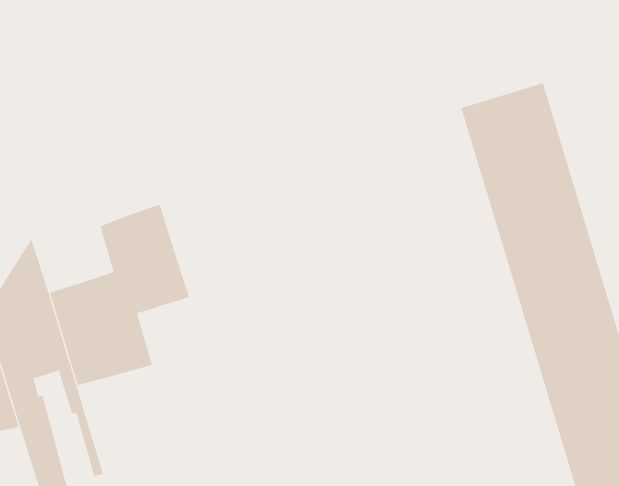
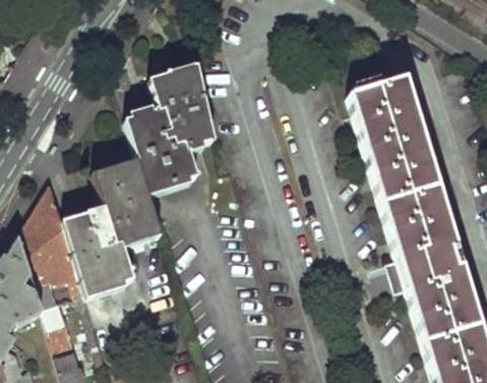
building: none -> [128,71,216,186]

